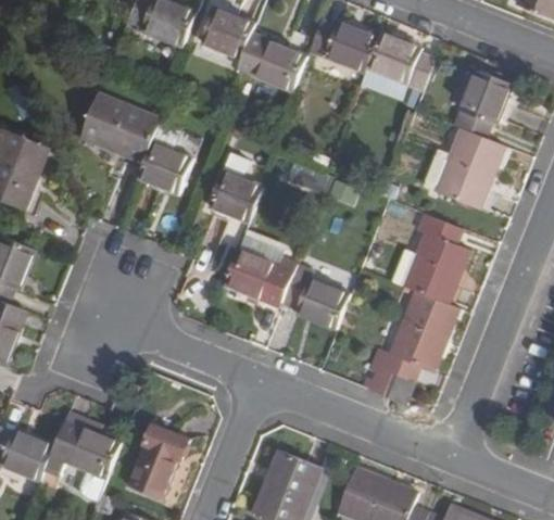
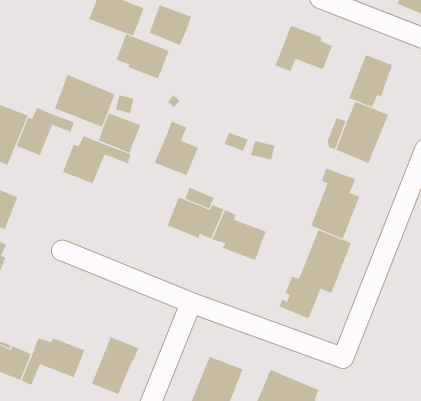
building: [307,21,378,74] -> none
building: [238,34,306,91] -> [115,33,170,79]
building: none -> [16,107,74,156]
building: none -> [62,135,131,184]

